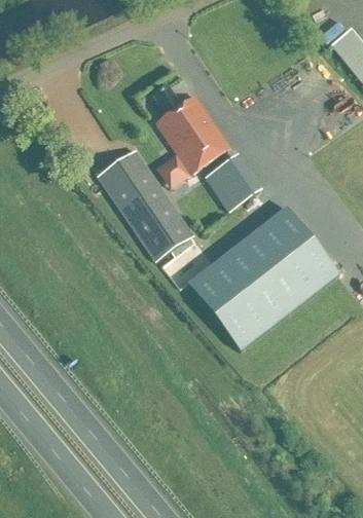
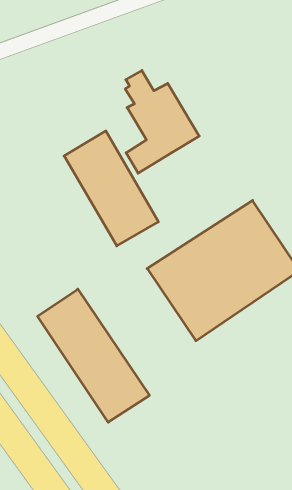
building: [203,147,258,207] -> none
building: none -> [38,289,149,422]

